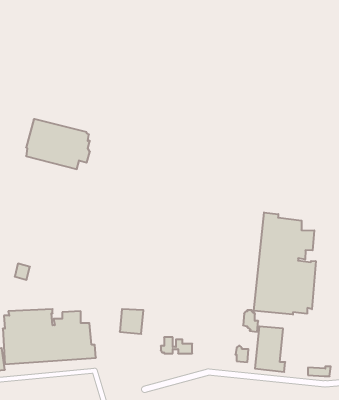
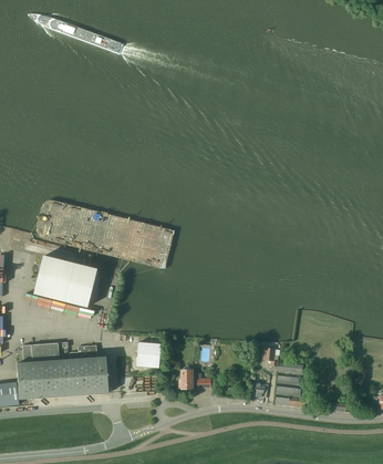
building: [26,119,90,169] -> [34,256,100,307]
building: [254,212,316,315] -> none

